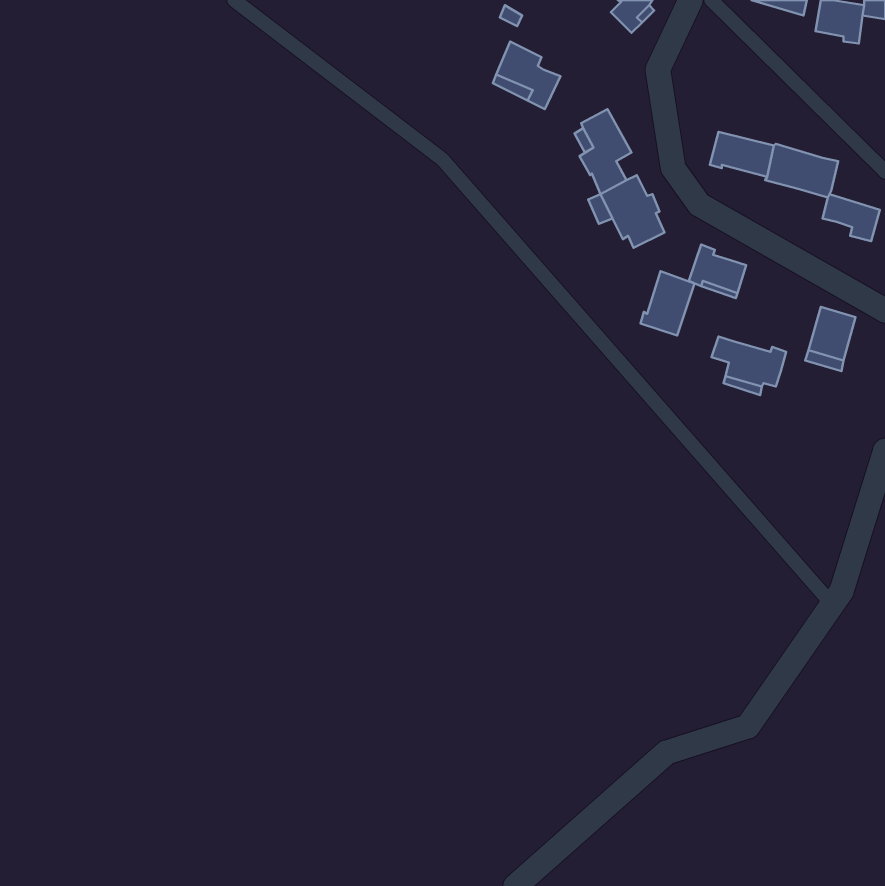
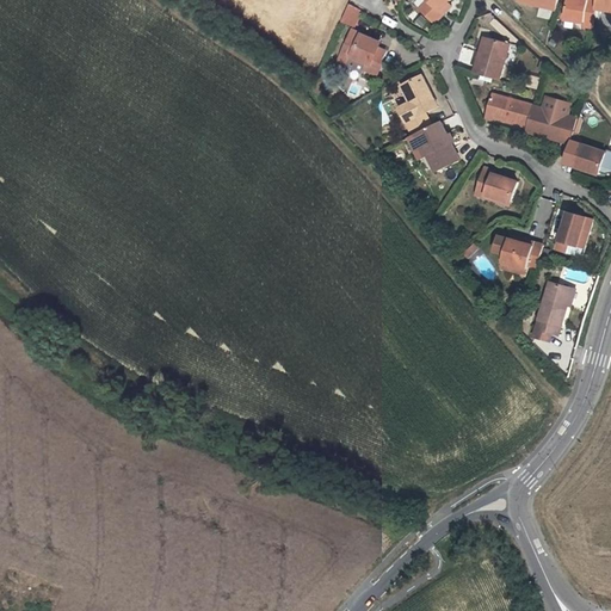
building: none -> [475,38,510,80]
building: [641,271,695,335] -> none
building: none -> [529,280,568,340]

